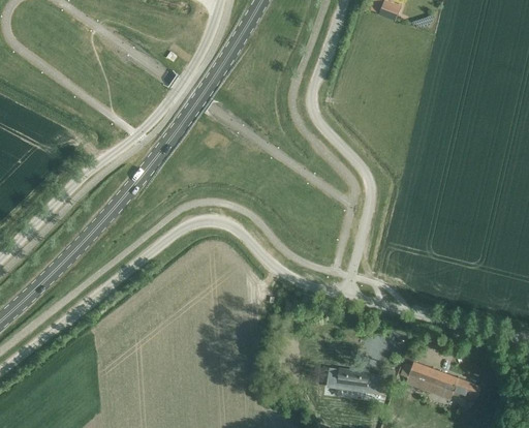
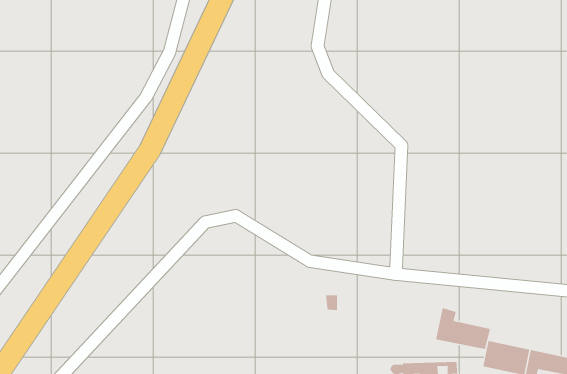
building: none -> [435,307,491,350]

